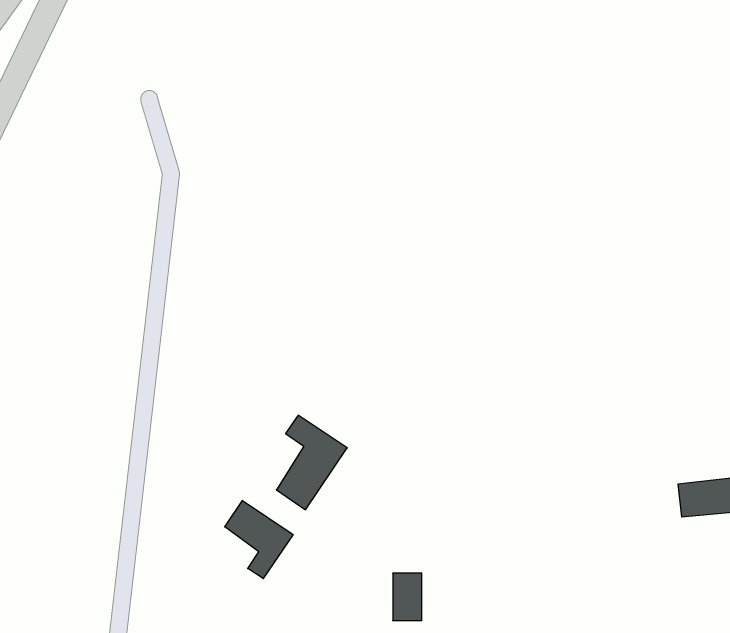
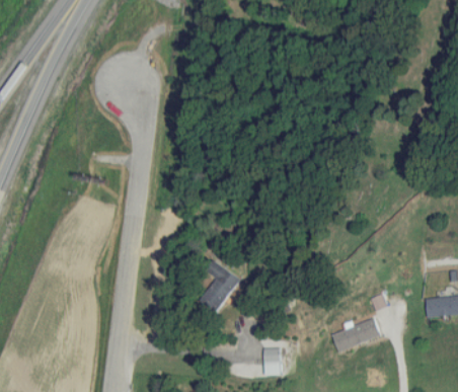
building: [225,500,293,579] -> none
building: none -> [330,318,380,352]

